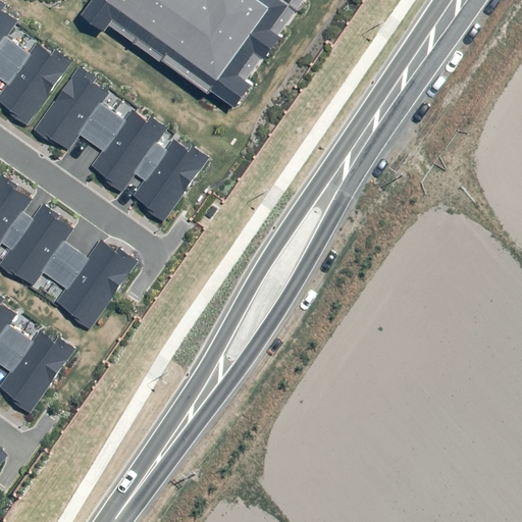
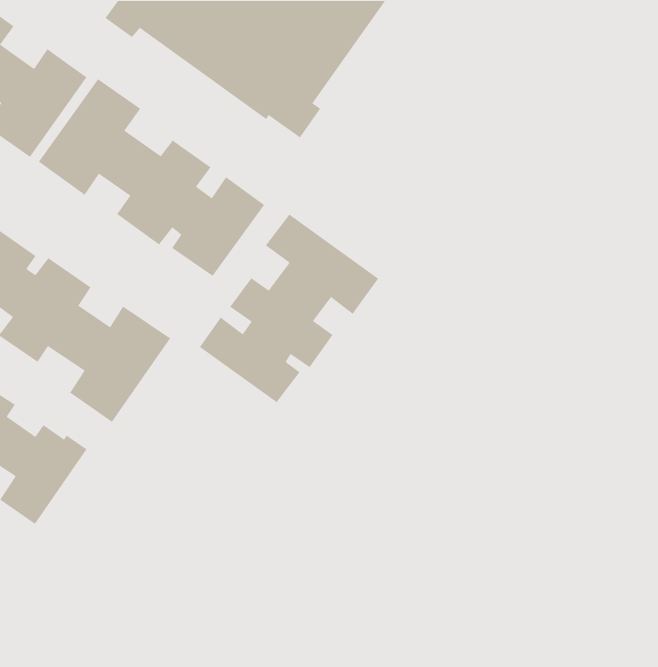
building: none -> [199,213,379,403]

